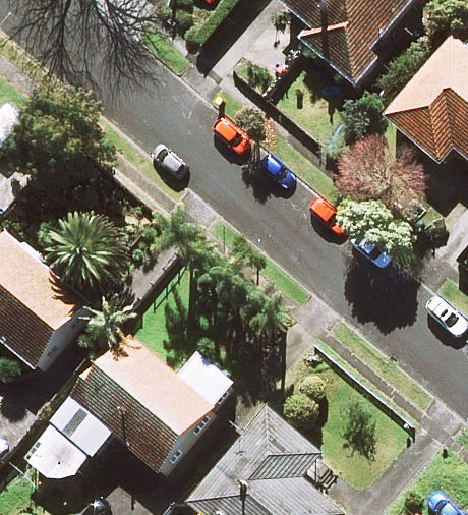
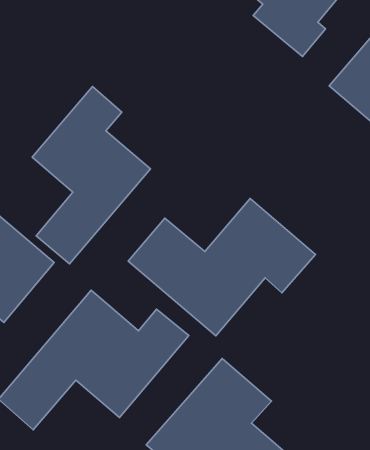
building: none -> [32,86,150,264]
building: none -> [128,199,315,336]

